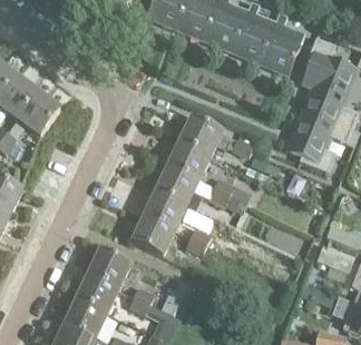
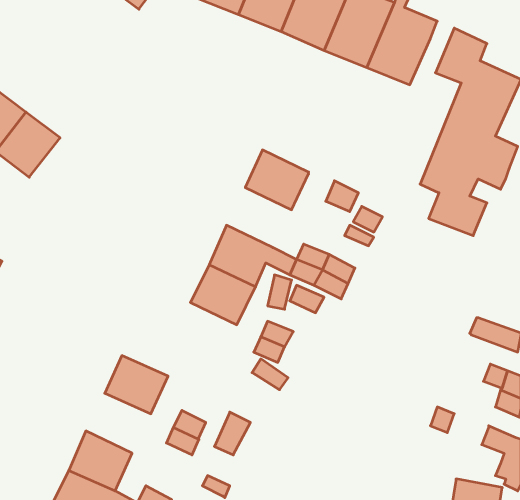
building: [167,140,209,179] -> none
building: [131,215,174,255] -> none
building: [76,274,118,313] -> none

